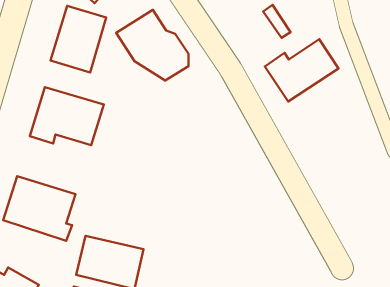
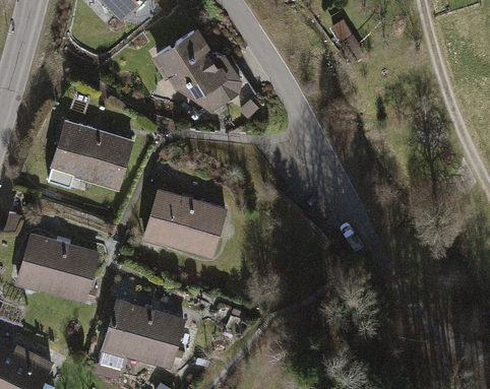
building: [51,6,106,73] -> none
building: [265,39,339,101] -> none
building: none -> [143,187,227,260]

